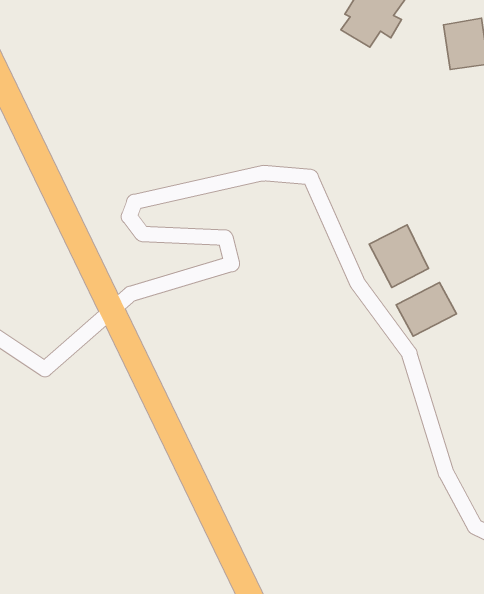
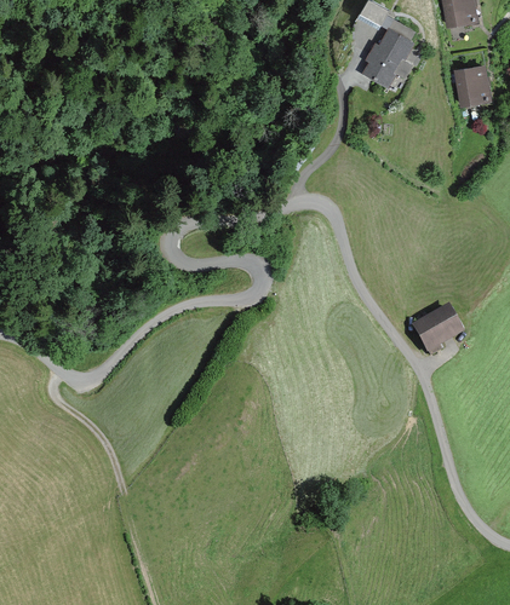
building: [369,225,429,287] -> none

